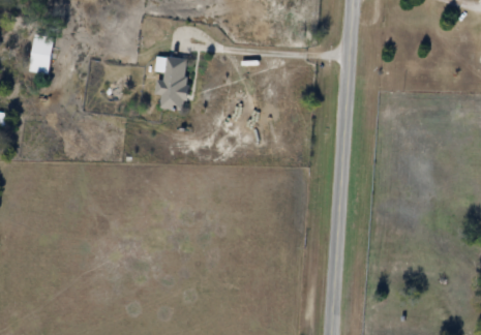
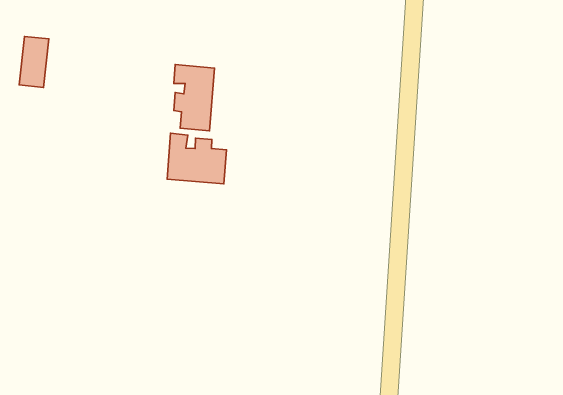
building: none -> [167,133,227,184]

